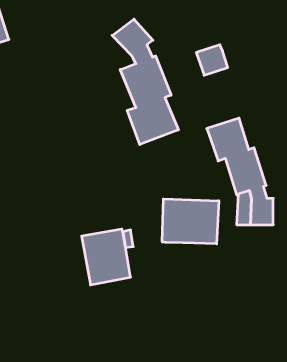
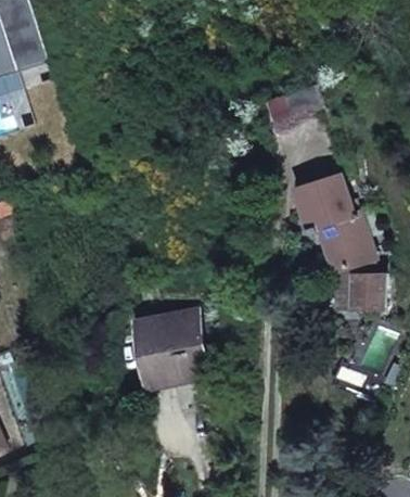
building: [112,19,178,145] -> none
building: [162,199,219,244] -> none

